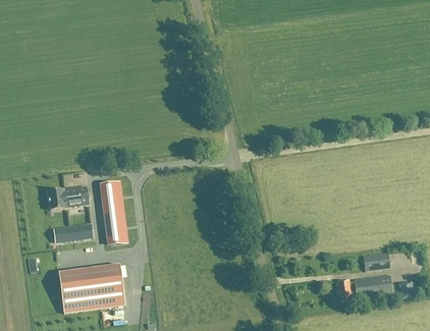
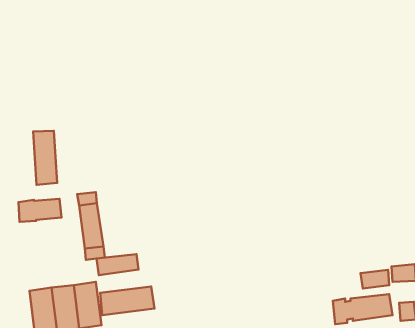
building: none -> [33,131,57,185]
building: [53,223,92,242] -> [96,254,139,275]
building: none -> [100,287,154,315]

